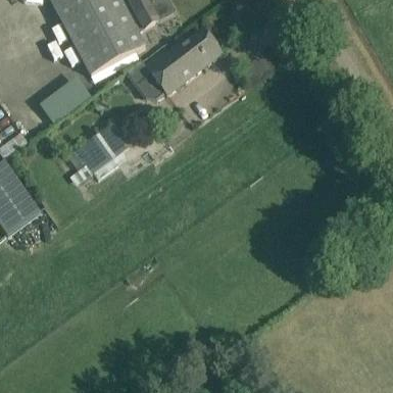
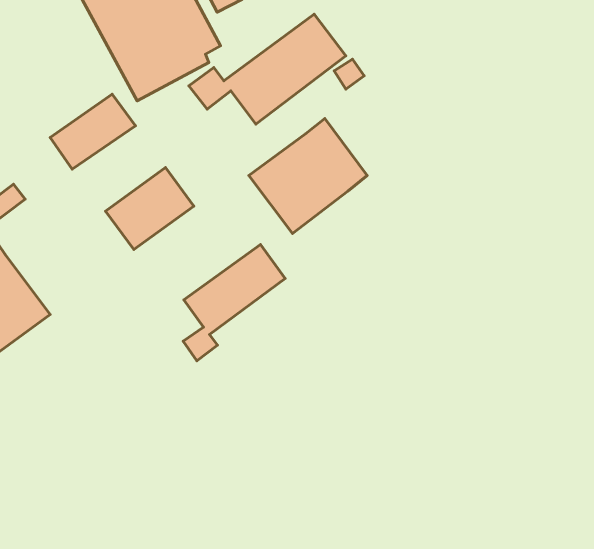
building: none -> [249,118,367,233]
building: none -> [183,244,285,361]

